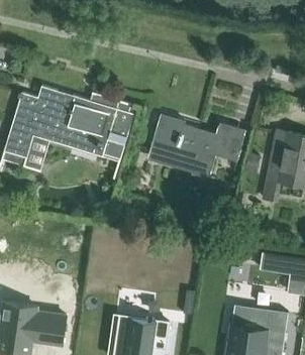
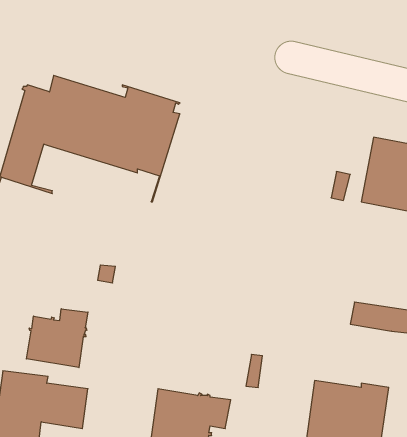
building: [149,114,241,180] -> none
building: none -> [26,309,88,368]

